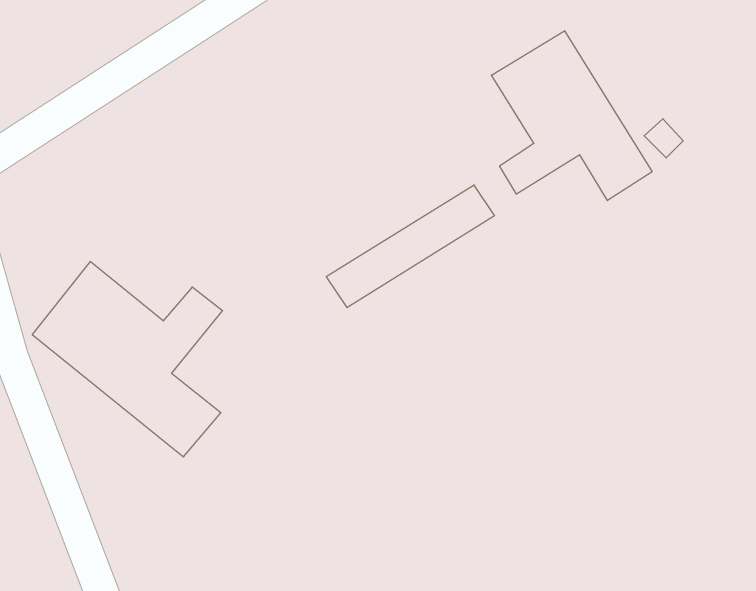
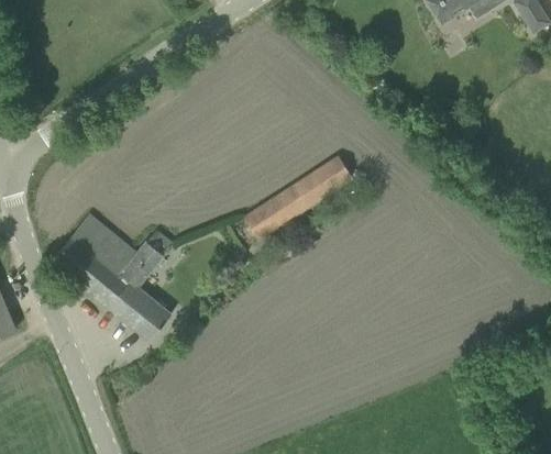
building: [491,31,652,201] -> none

